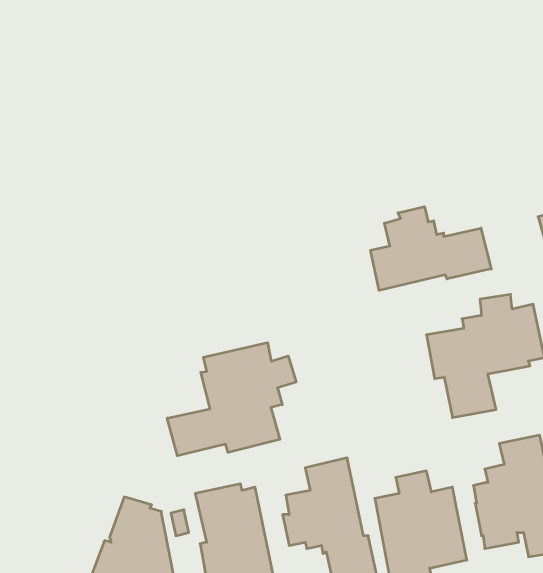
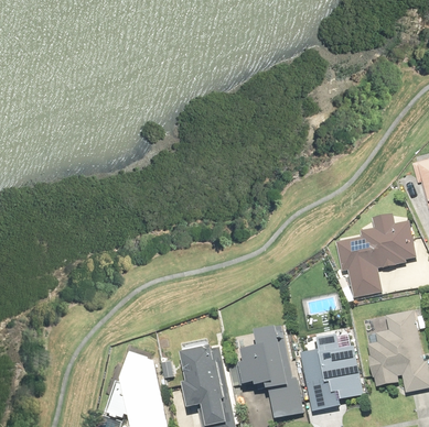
building: [371,207,491,290] -> none
building: [167,343,296,456] -> none

